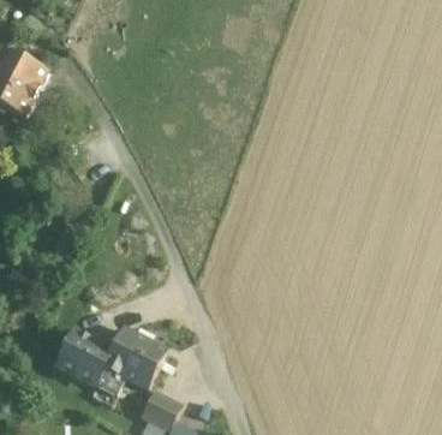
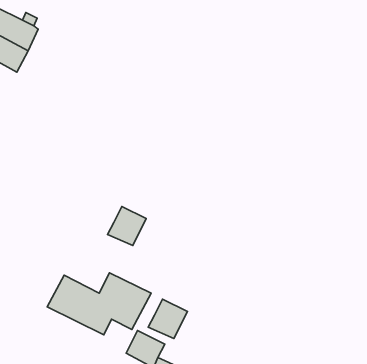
building: none -> [107,206,146,246]
building: none -> [148,299,188,339]

